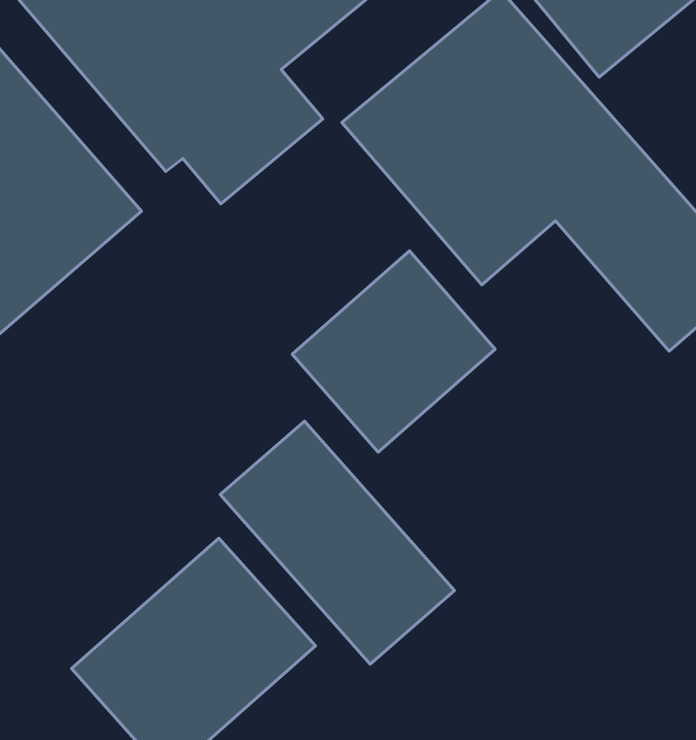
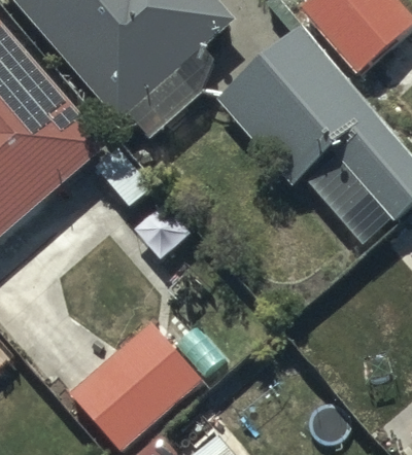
building: [292,251,495,452] -> none
building: [220,421,454,664] -> none

